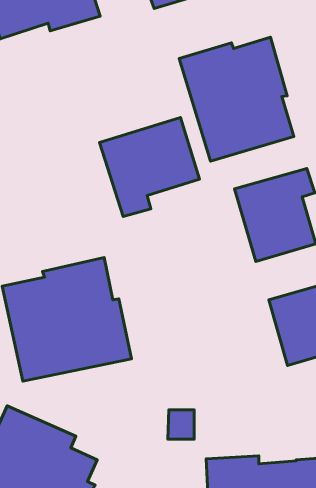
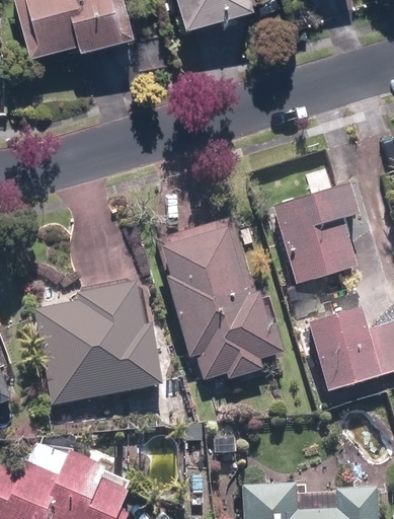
building: [179,37,294,161] -> none
building: [99,117,199,217] -> none
building: none -> [154,219,281,380]

